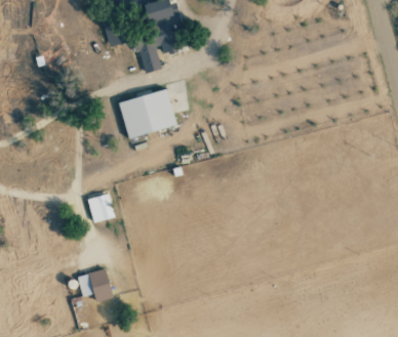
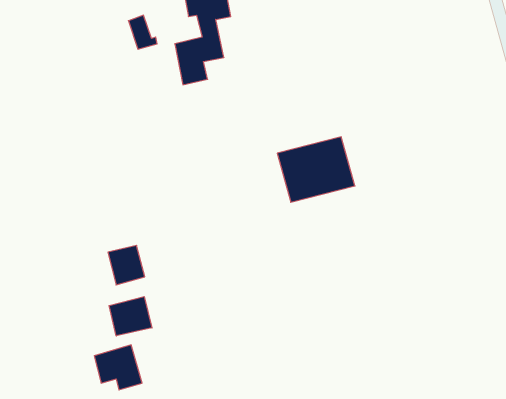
building: [118,89,176,138] -> [277,137,355,202]
building: none -> [109,297,152,336]

